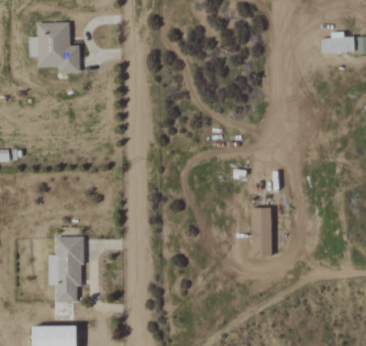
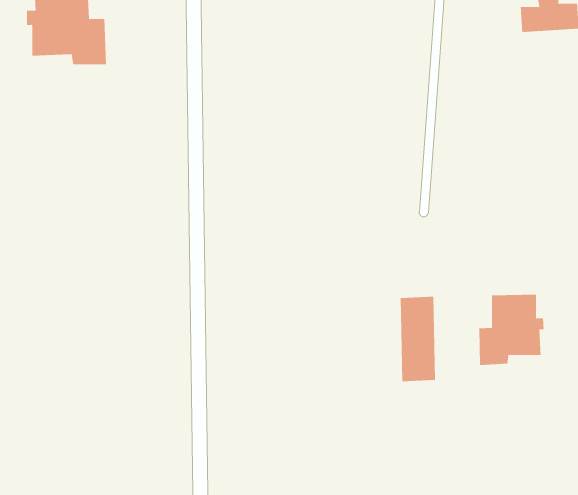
building: none -> [479,294,544,366]
building: [48,236,79,302] -> none

